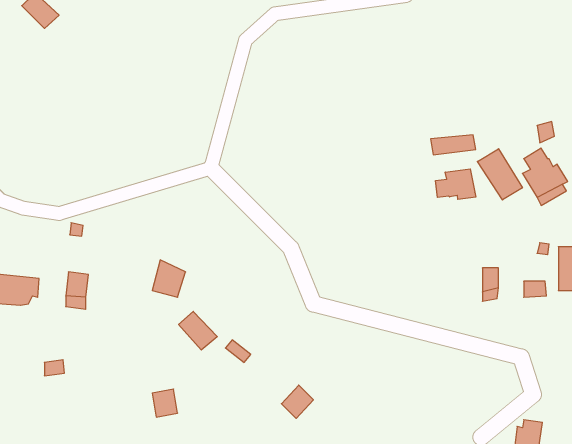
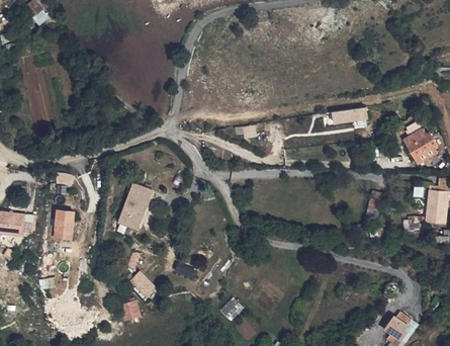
building: [477,149,522,200] -> none
building: [436,169,476,199] -> none
building: none -> [126,184,152,210]
building: [179,311,217,350] -> [127,270,157,299]

